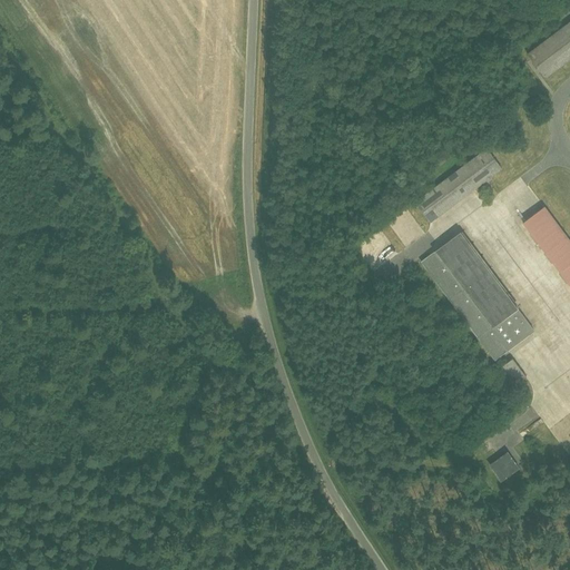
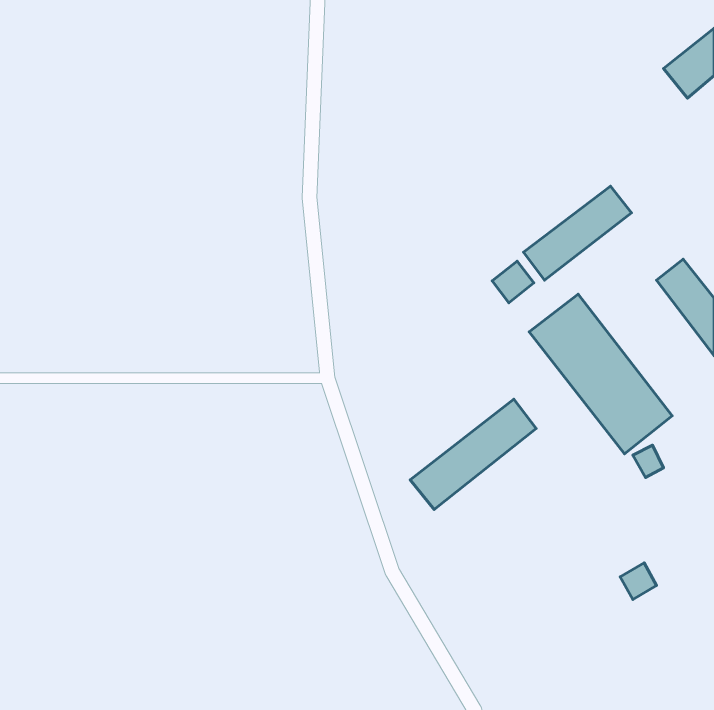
building: none -> [492,261,534,303]
building: none -> [410,399,536,510]

